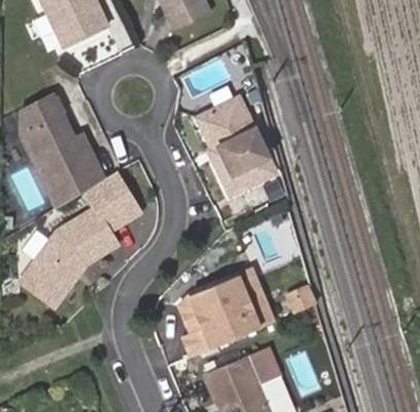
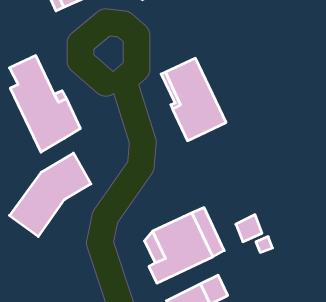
building: [85,171,139,230] -> none

